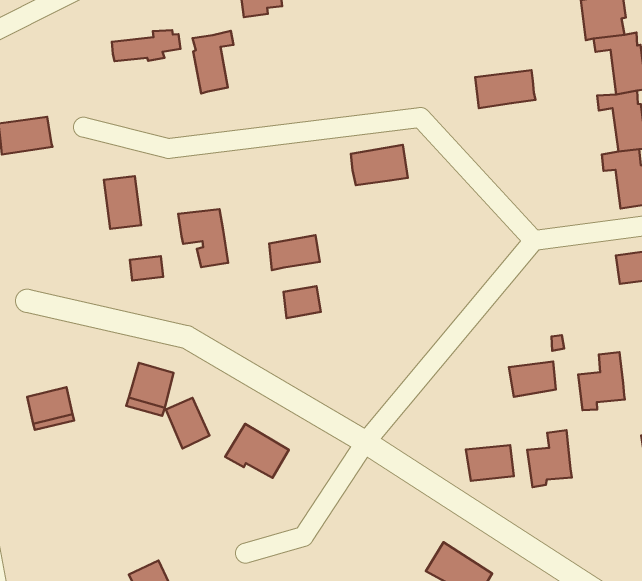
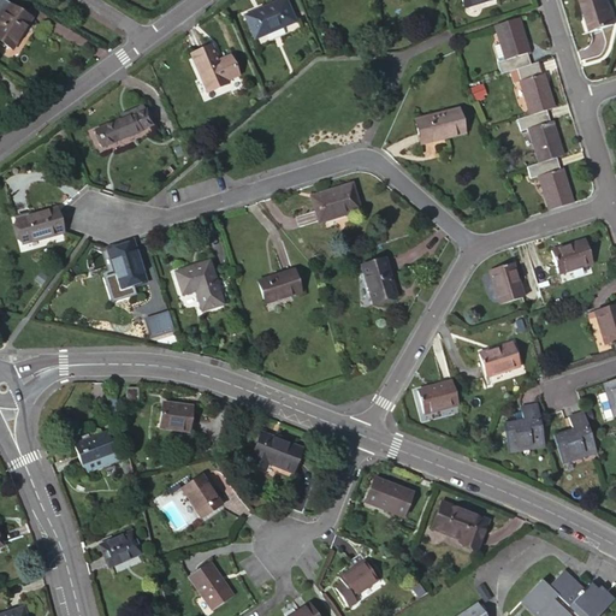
building: [193,31,233,94] -> none
building: none -> [359,253,395,298]
building: none -> [488,257,523,300]
building: [283,286,321,318] -> none
building: [578,352,625,410] -> [551,405,593,458]
building: [166,398,209,449] -> [183,476,223,520]
building: [466,445,514,481] -> [413,375,456,410]
building: none -> [367,481,415,520]
building: none -> [103,529,144,564]

